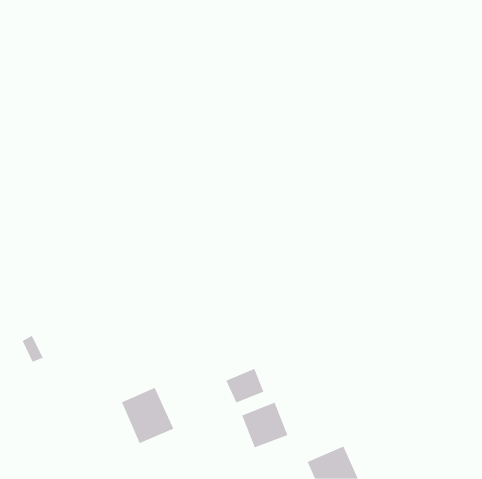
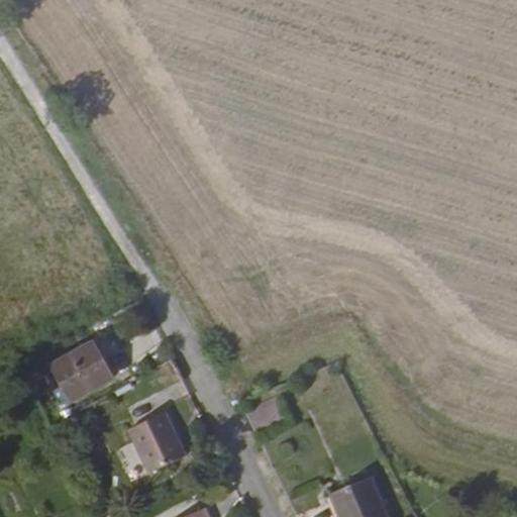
building: none -> [53,343,114,401]
building: [242,402,288,448] -> none

